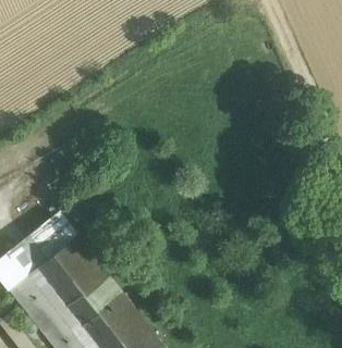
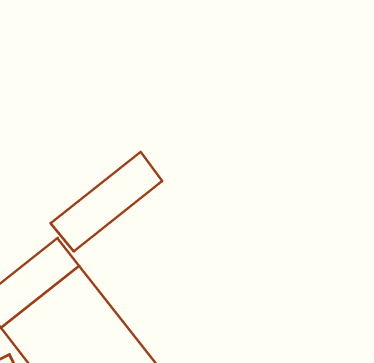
building: none -> [51,152,162,251]

